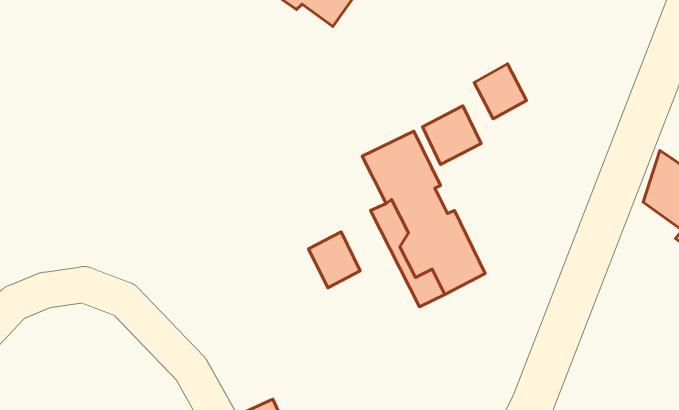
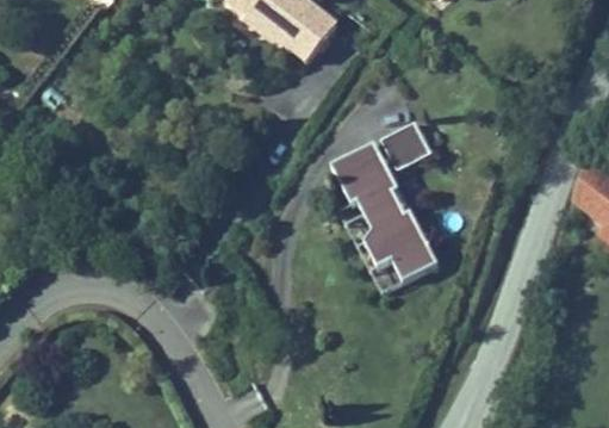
building: [474,64,527,119] -> none
building: [309,232,360,288] -> none

